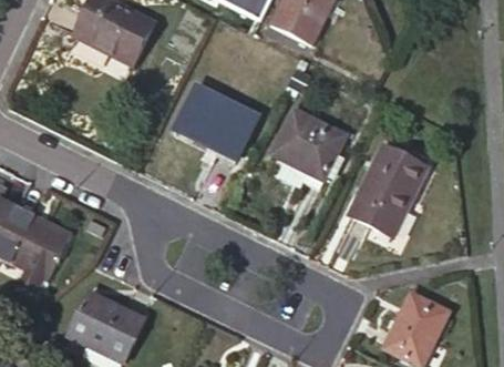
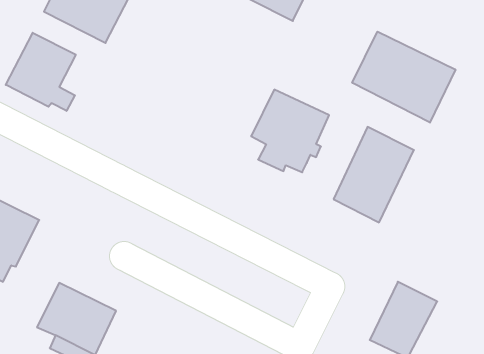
building: none -> [352,32,455,123]
building: none -> [6,33,76,111]
building: [176,84,257,152] -> none

